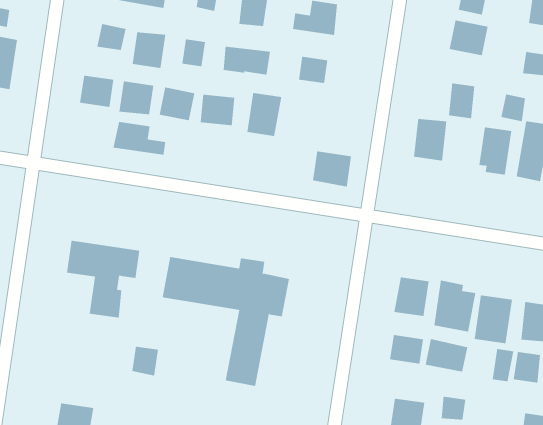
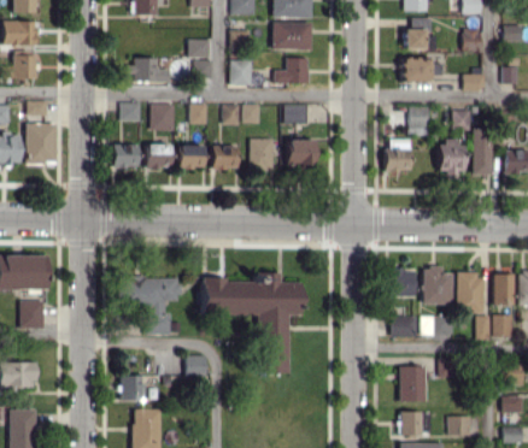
building: [113,121,166,156] -> none
building: [312,151,352,187] -> [287,140,316,165]
building: none -> [121,375,143,401]

